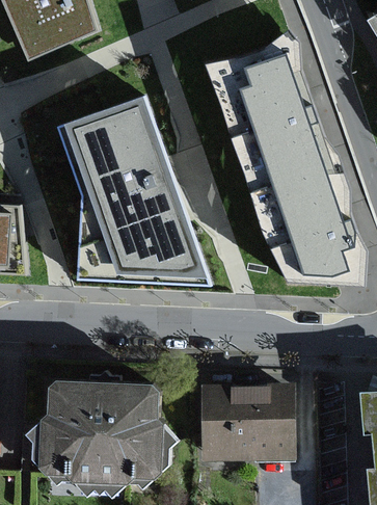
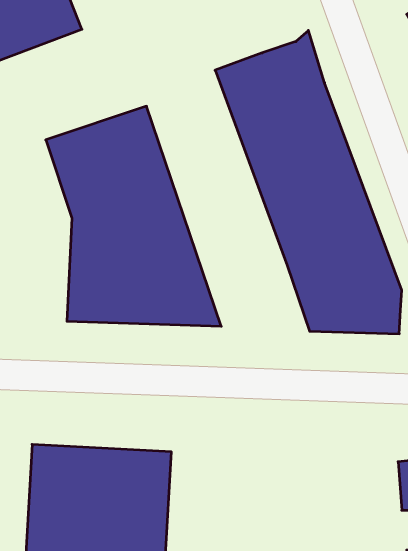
building: [197,387,292,462] -> none

